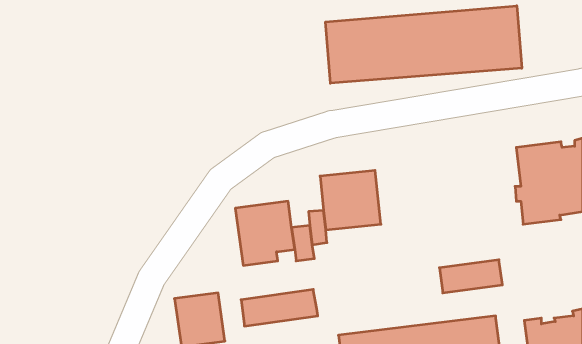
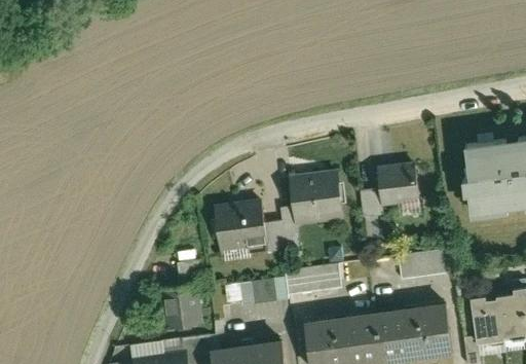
building: [326,6,522,83] -> none
building: none -> [359,161,418,220]
building: none -> [283,265,341,295]

